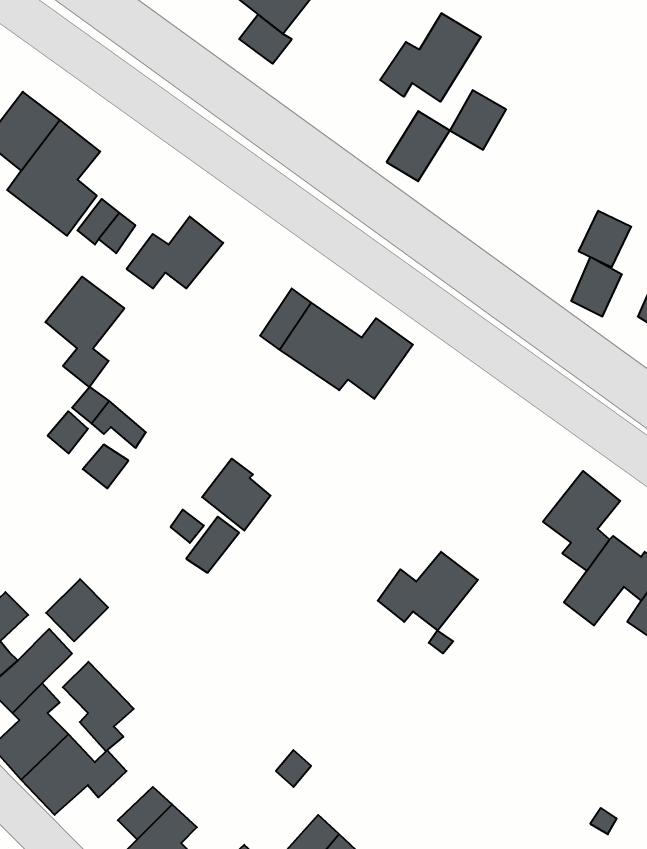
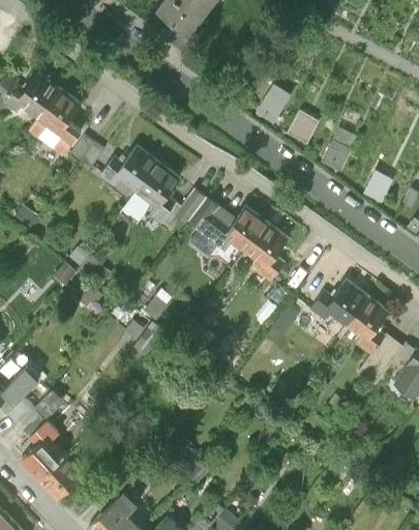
building: [380,13,481,102] -> none
building: [450,90,506,150] -> [285,111,318,146]
building: [579,211,631,267] -> [319,140,350,173]
building: [45,277,124,387] -> [134,161,181,227]
building: none -> [245,222,291,282]
building: [378,552,478,631] -> [309,279,368,326]
building: [46,579,108,641] -> none
building: [63,662,134,751] -> none

